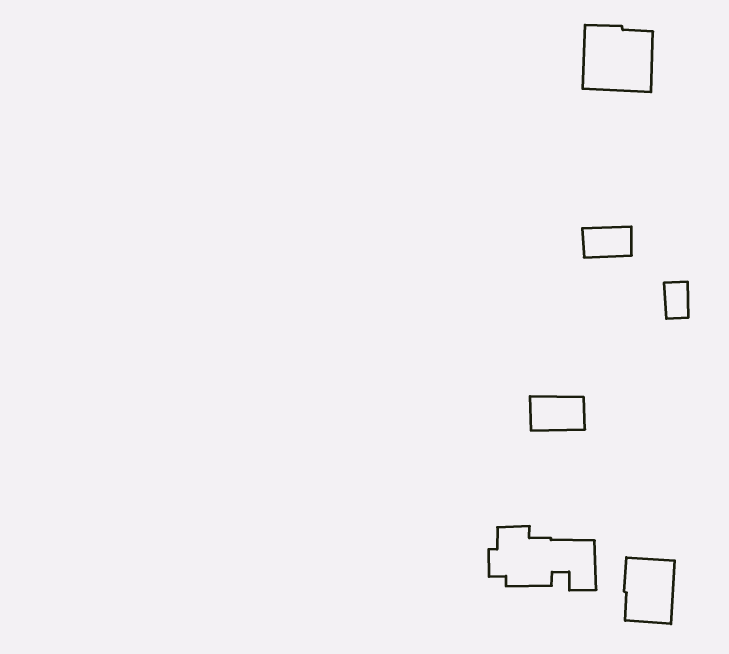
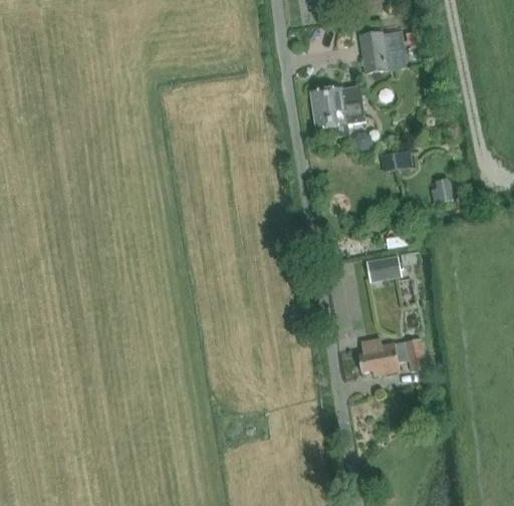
building: none -> [310,84,365,137]
building: [624,557,675,624] -> none

